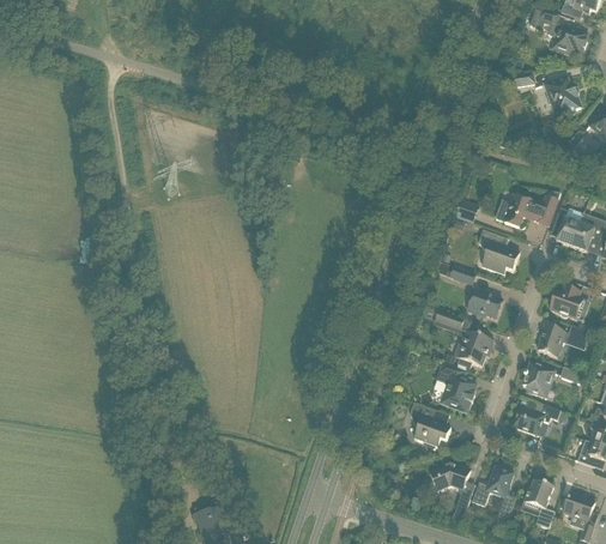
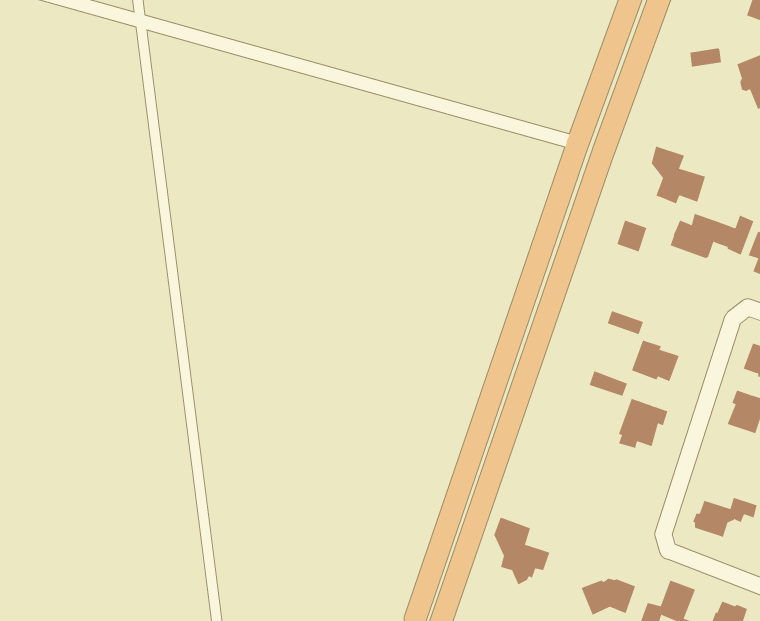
building: [479,228,520,271] -> [651,146,706,204]
building: [436,361,475,410] -> none
building: [523,362,557,397] -> none
building: [410,400,452,451] -> [494,517,550,585]

